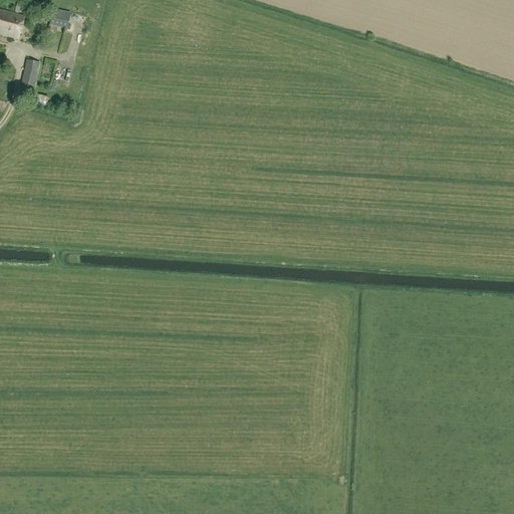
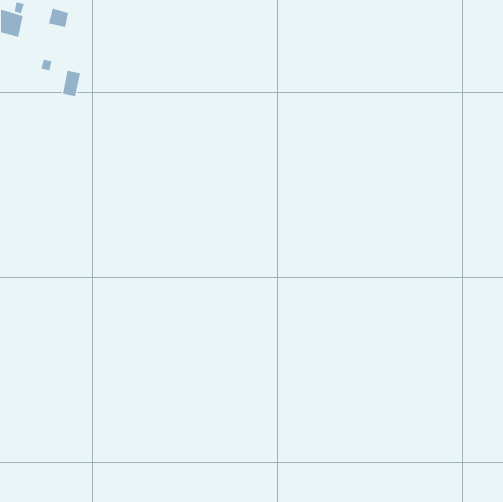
building: [21,59,40,86] -> [62,70,81,97]

